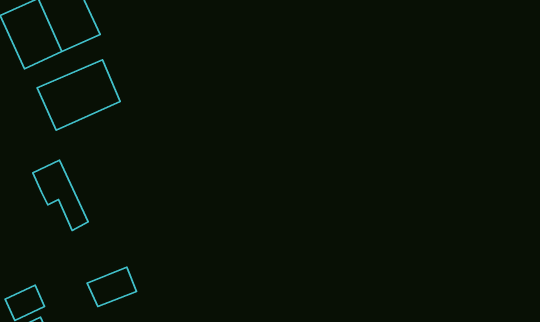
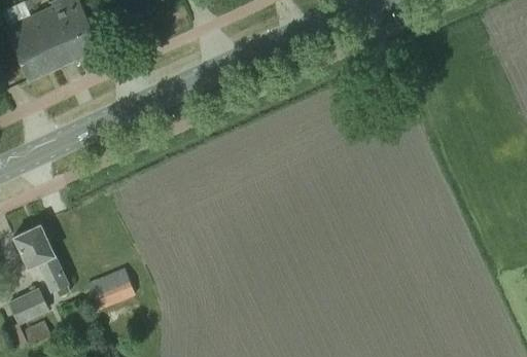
building: [37,60,120,130] -> none
building: [33,160,88,231] -> [12,224,66,292]

